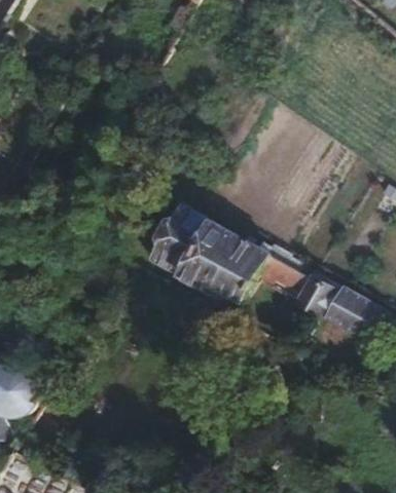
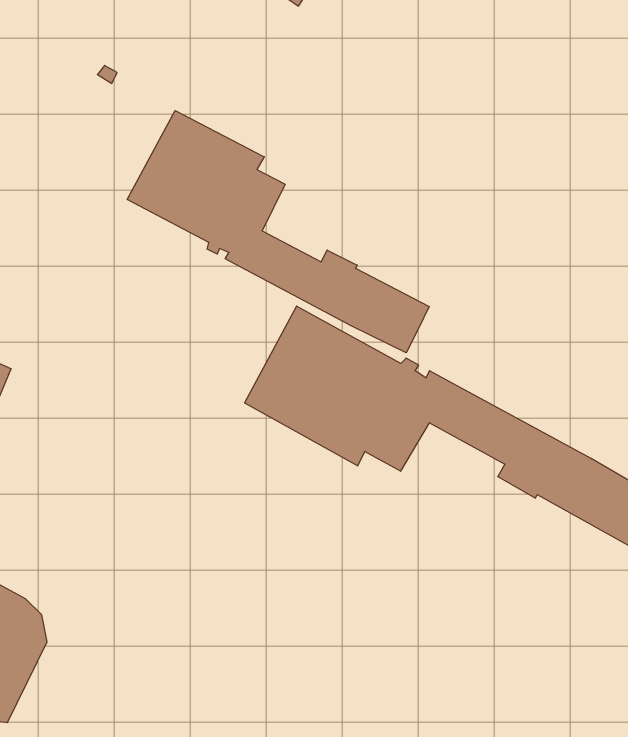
building: none -> [127,111,429,353]

